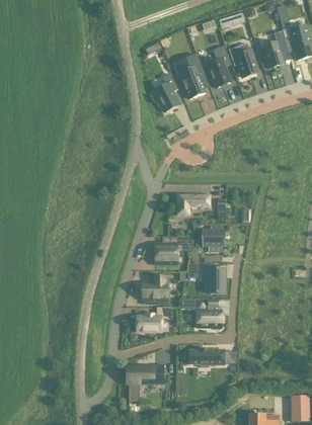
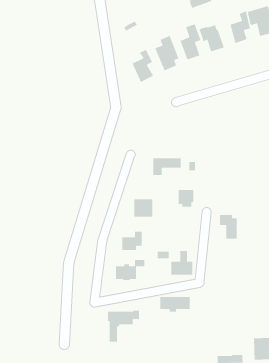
building: [204,264,224,292] -> [219,214,237,239]

